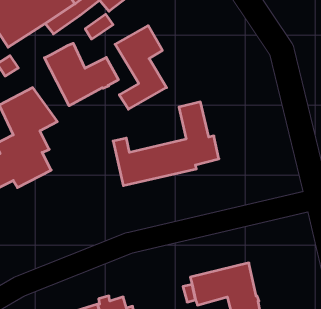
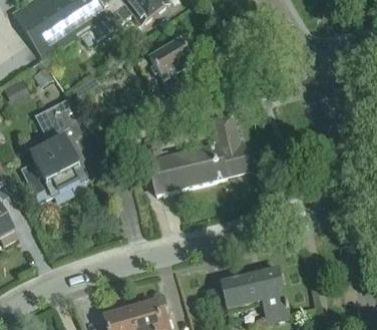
building: [44,43,118,106] -> none

